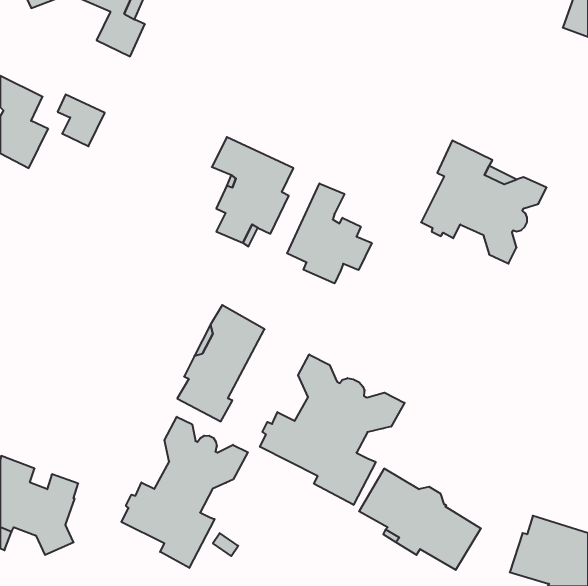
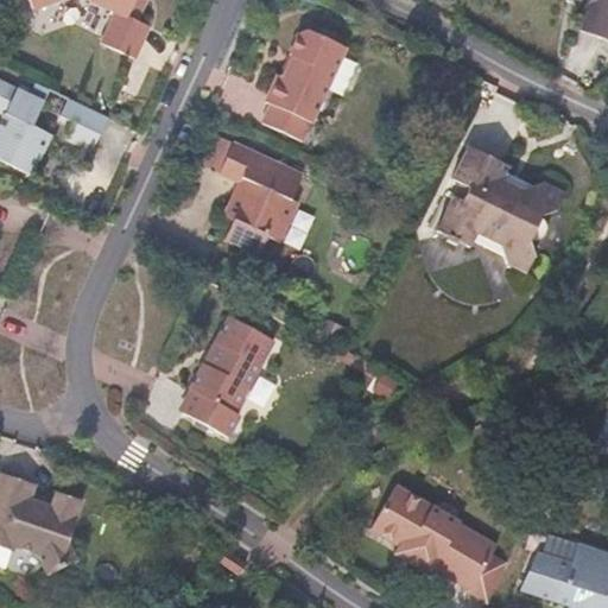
building: none -> [260,28,347,141]
building: [287,183,372,283] -> none
building: [260,354,405,505] -> none
building: [121,417,248,568] -> none

